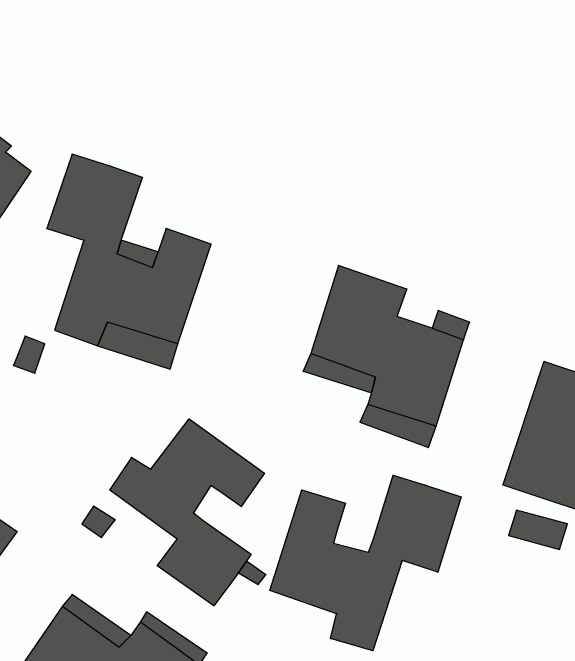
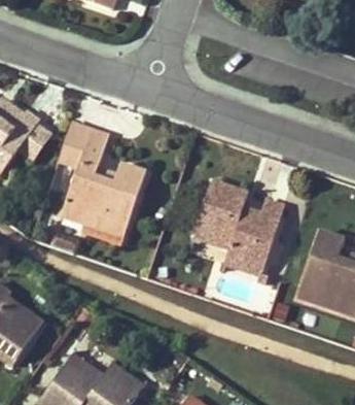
building: [110,419,264,606] -> none
building: [270,475,461,651] -> none

